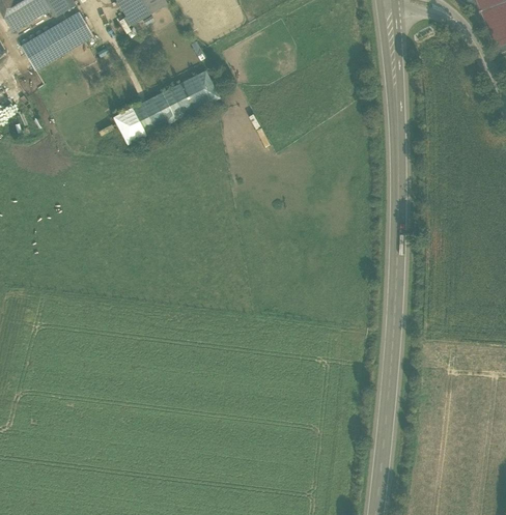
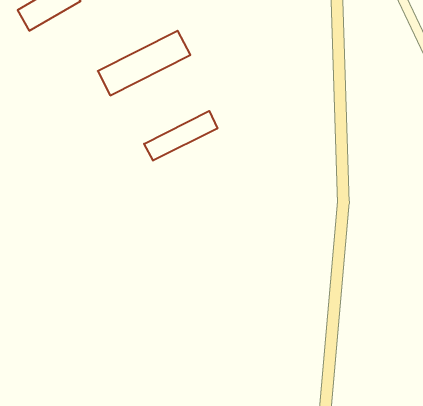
building: none -> [144,111,217,161]

